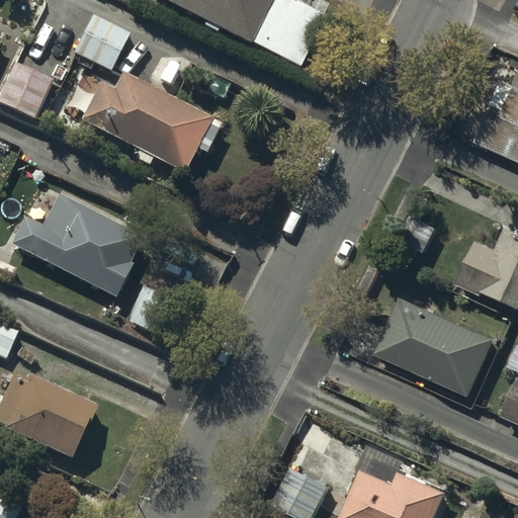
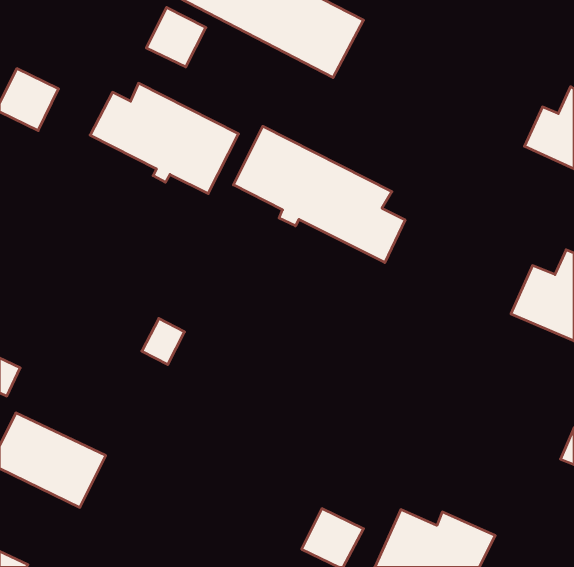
building: [76,14,130,68] -> [146,7,206,67]
building: none -> [233,126,405,263]
building: [19,197,133,298] -> none
building: [376,297,494,395] -> none

